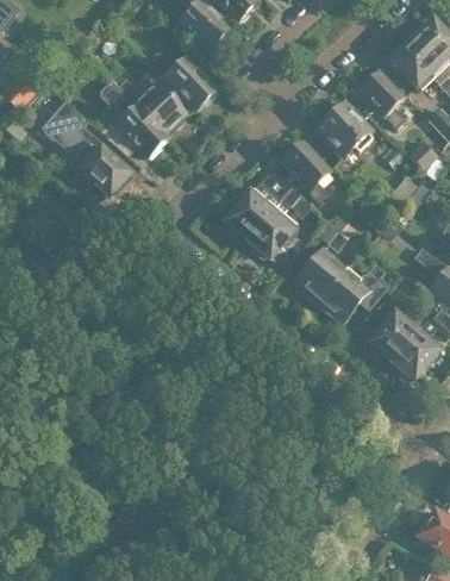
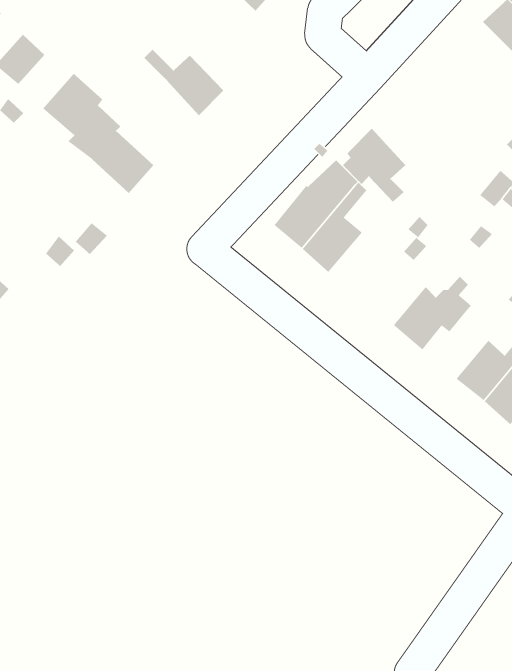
building: [148,50,214,108] -> none
building: [358,70,406,129] -> none
building: [100,80,167,156] -> none
building: [318,102,373,157] -> none
building: [295,249,345,300] -> none

